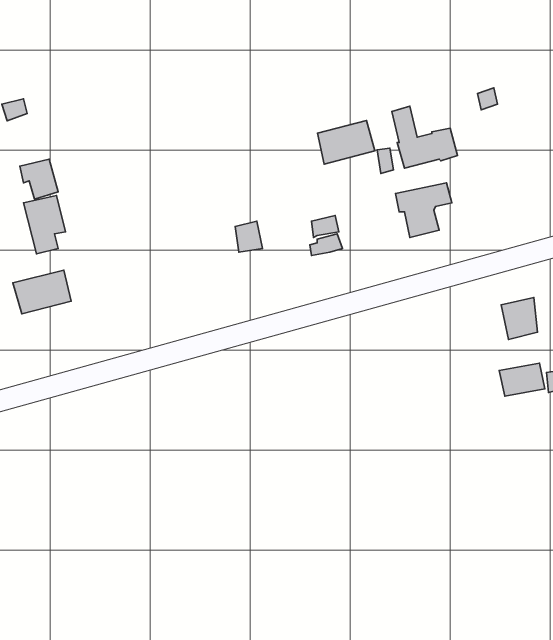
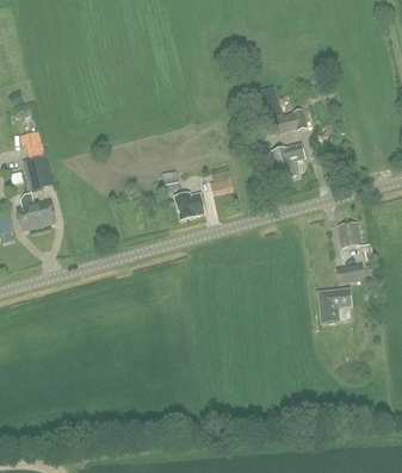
building: [317,121,375,164] -> none
building: none -> [174,192,205,220]
building: none -> [321,291,348,319]

